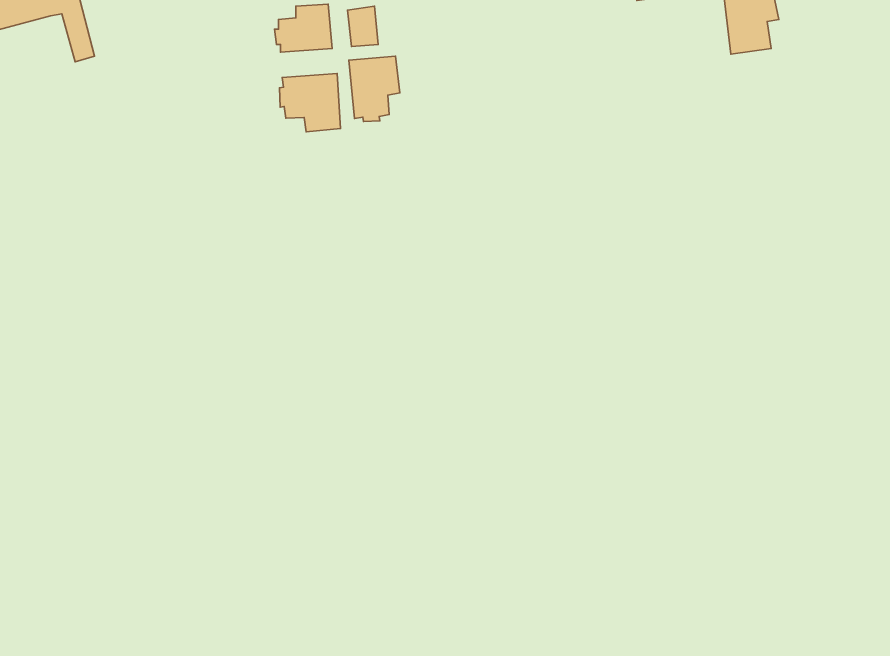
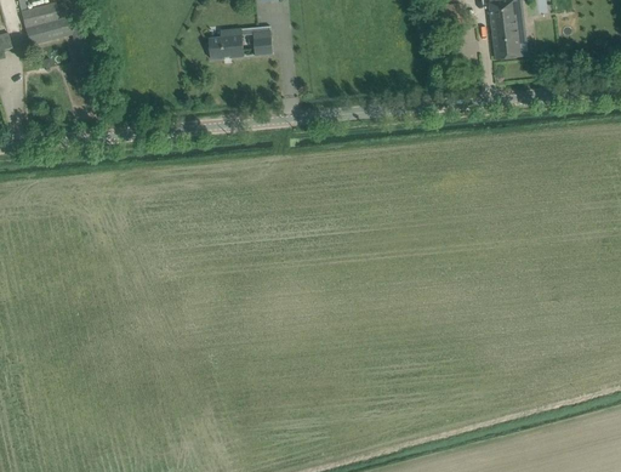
building: [349,56,400,121] -> none
building: [280,74,341,132] -> none

